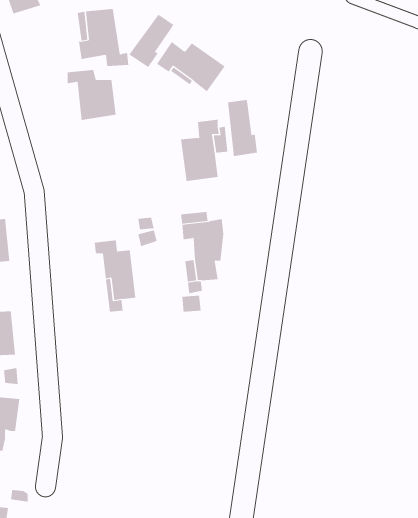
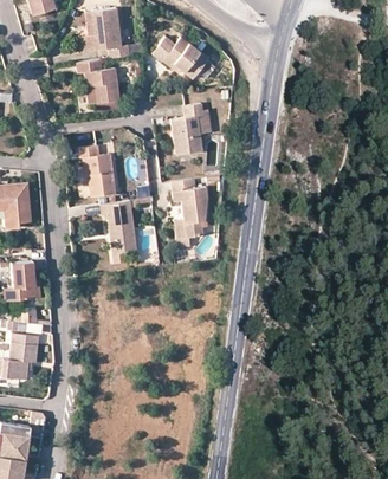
building: [129,14,174,68] -> none
building: [228,99,257,157] -> none
building: none -> [79,147,115,198]

